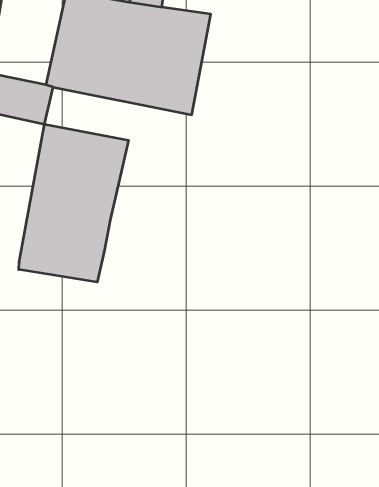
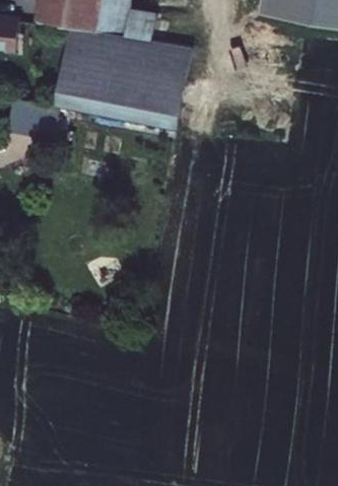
building: [19,124,128,282] -> none

